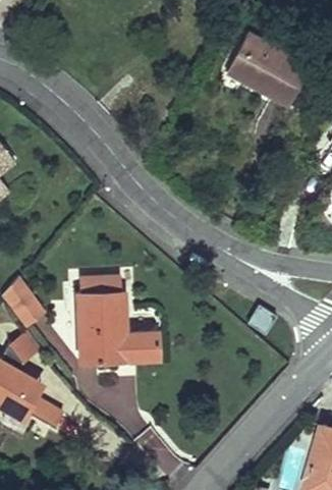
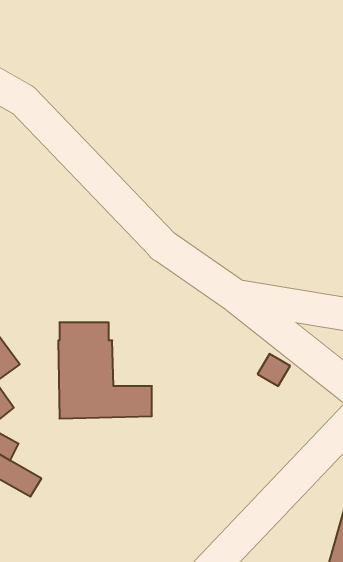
building: [226,35,310,106] -> none

